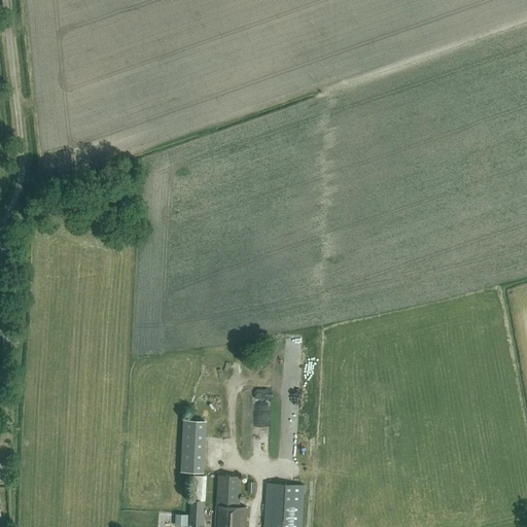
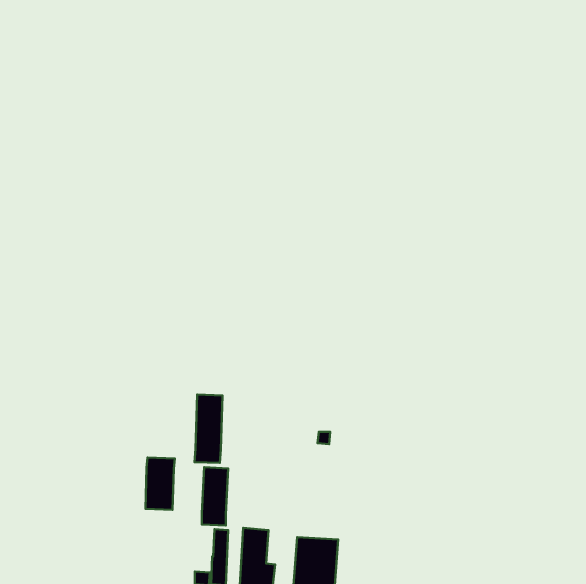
building: none -> [194,395,223,463]
building: none -> [146,458,175,510]

